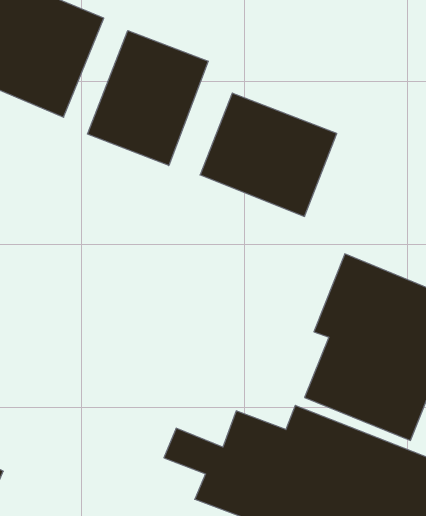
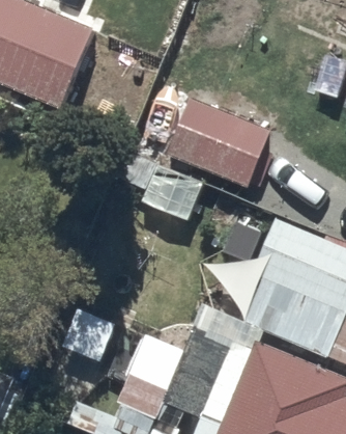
building: [88,31,208,166] -> none

